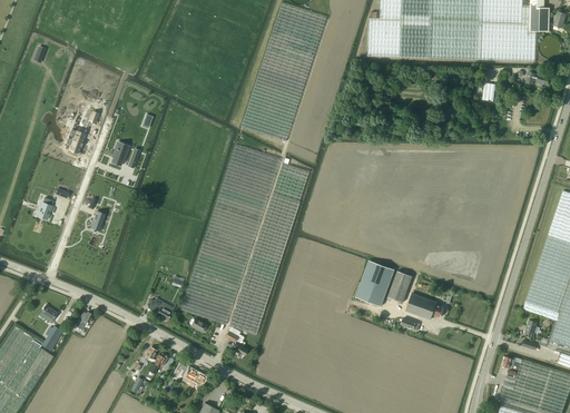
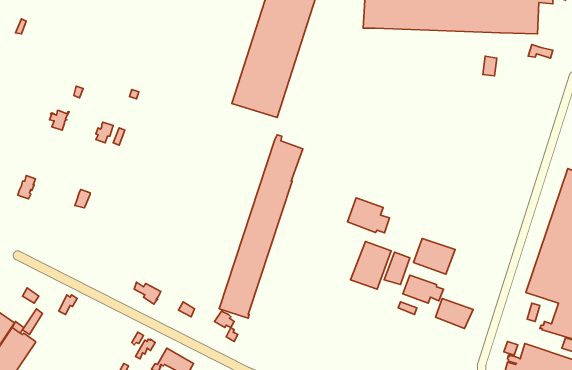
building: [181,144,279,324] -> none
building: none -> [348,198,390,233]
building: none -> [413,239,455,274]
building: none -> [436,298,473,329]

